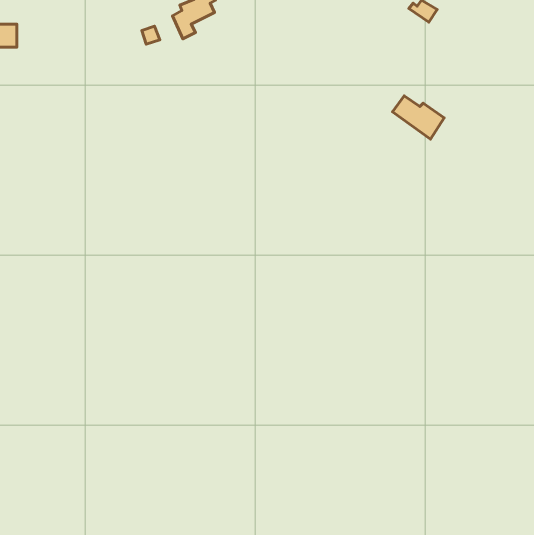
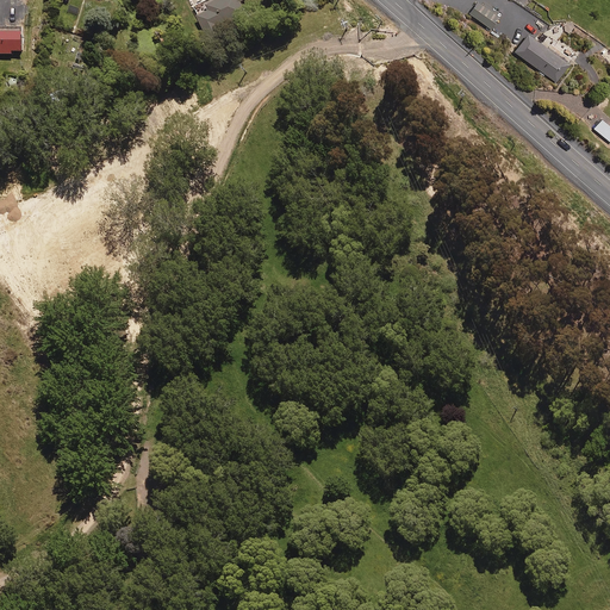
building: [393,96,444,139] -> [509,30,567,79]

